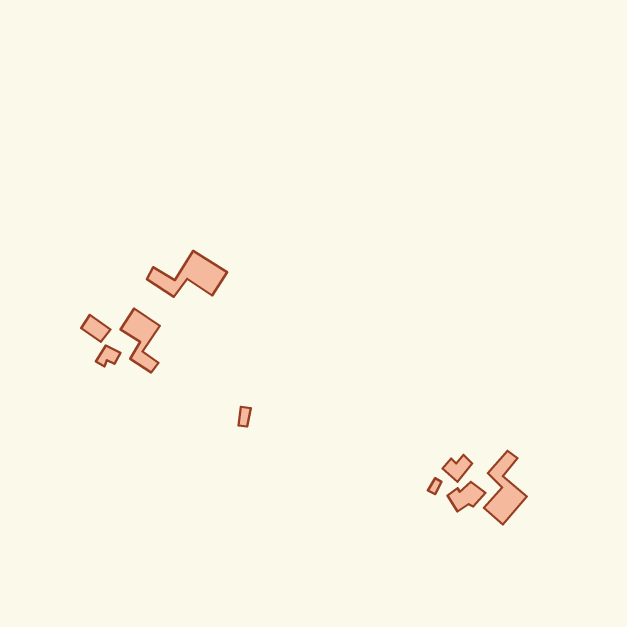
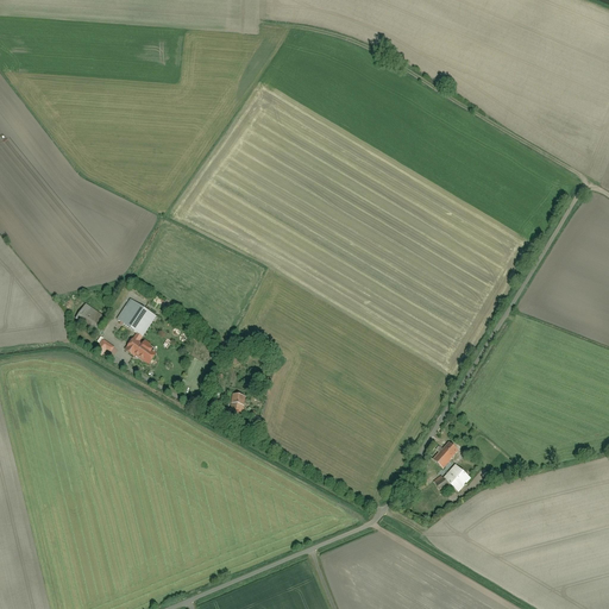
building: [147,251,227,297] -> none
building: [484,451,527,525] -> none

